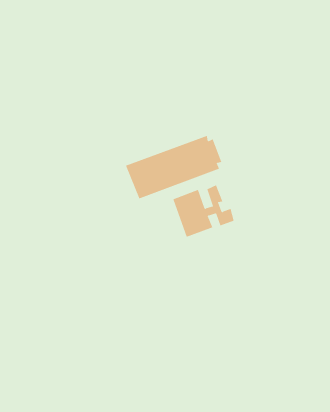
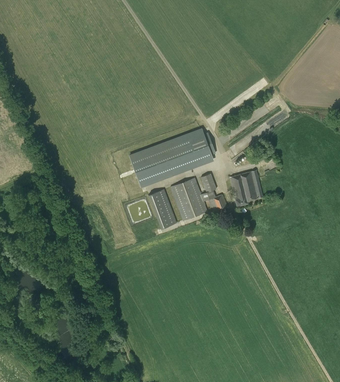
building: none -> [228,170,262,206]
building: none -> [147,189,175,228]

